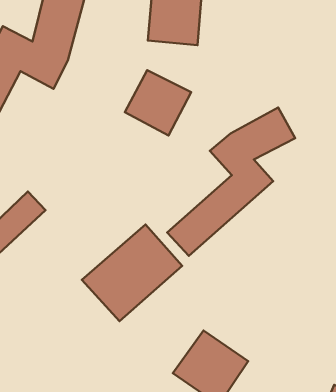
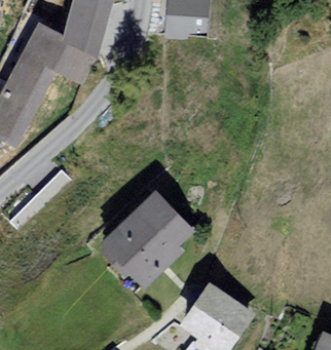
building: [125,70,191,135] -> none
building: [167,107,295,256] -> none

